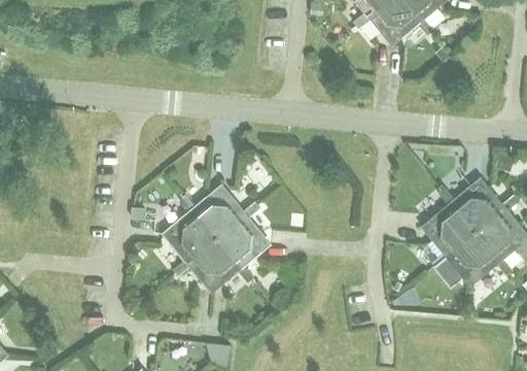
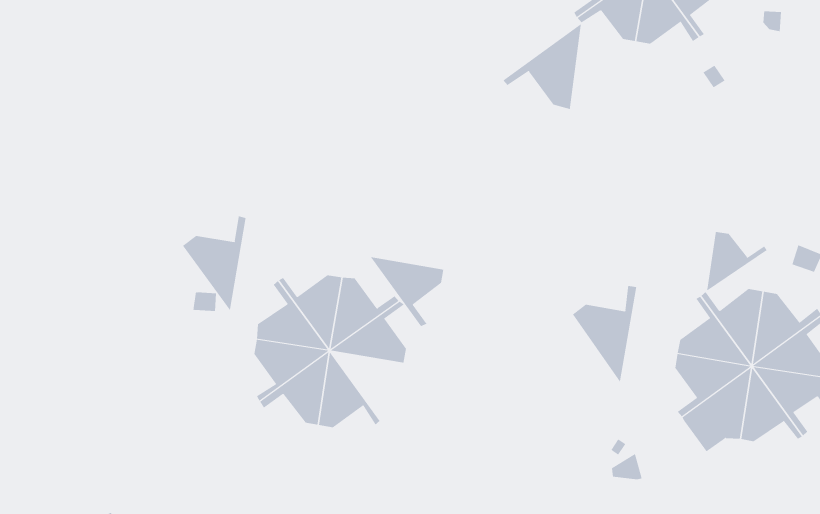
building: none -> [503,23,582,110]
building: none -> [706,231,767,292]
building: none -> [182,216,246,311]
building: none -> [572,285,637,383]
building: [216,237,262,278] -> [369,257,444,327]

